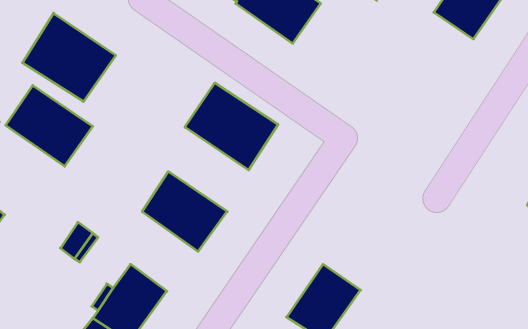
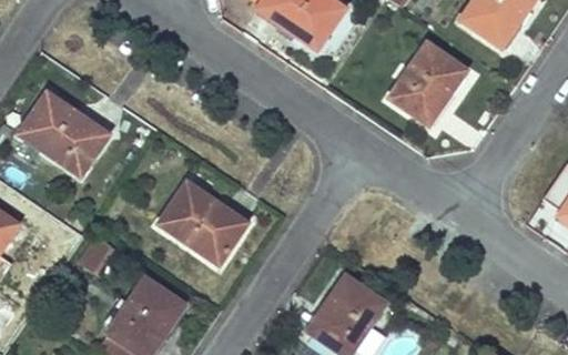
building: [22,13,116,102] -> none
building: none -> [390,44,466,125]
building: [185,83,278,170] -> none

